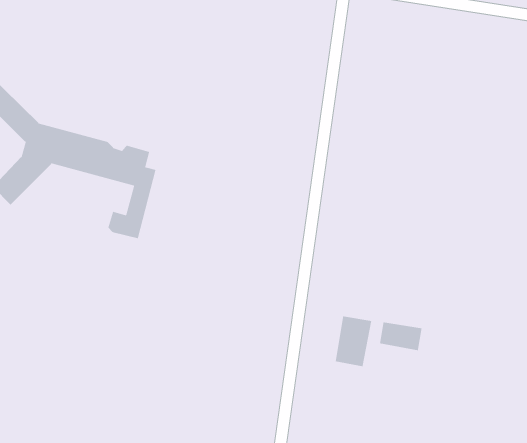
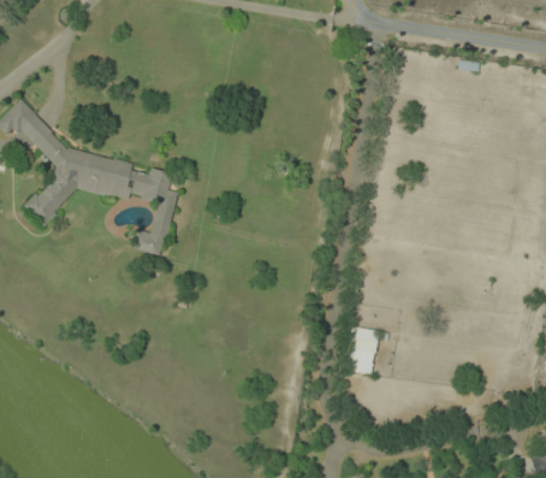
building: [379,322,423,351] -> none

